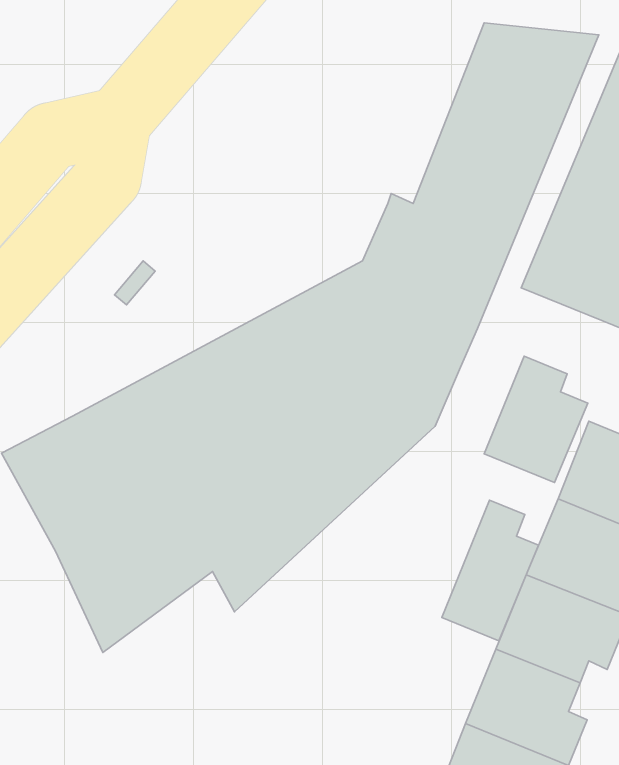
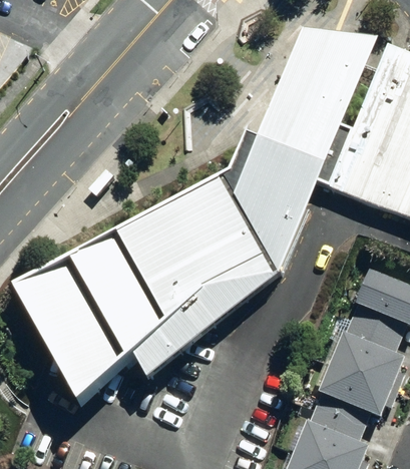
building: [484,356,588,483] -> none
building: [442,500,539,641] -> none

